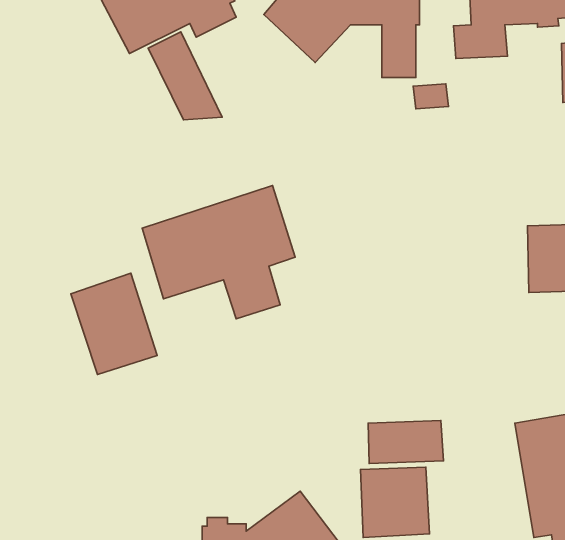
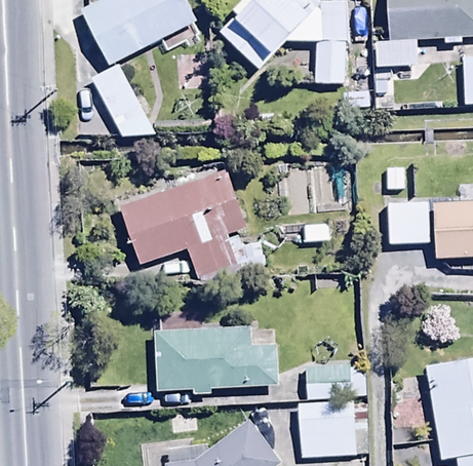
building: [148,32,222,120] -> [92,63,153,134]
building: none -> [389,201,428,242]
building: [71,273,157,374] -> none
building: none -> [156,326,277,391]

